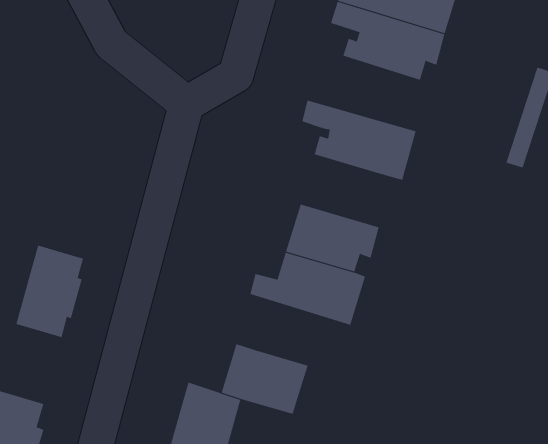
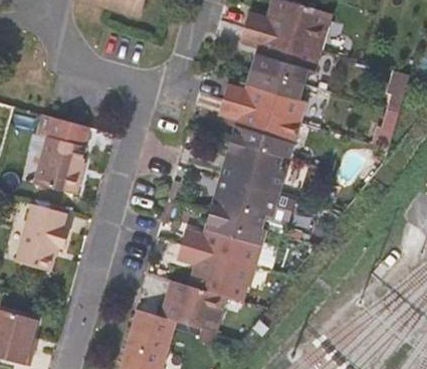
building: none -> [227,64,314,120]
building: none -> [31,114,86,194]
building: none -> [222,137,287,190]
building: none -> [180,239,259,296]

